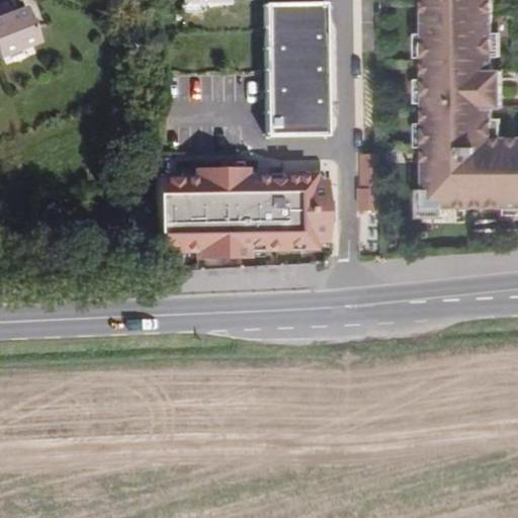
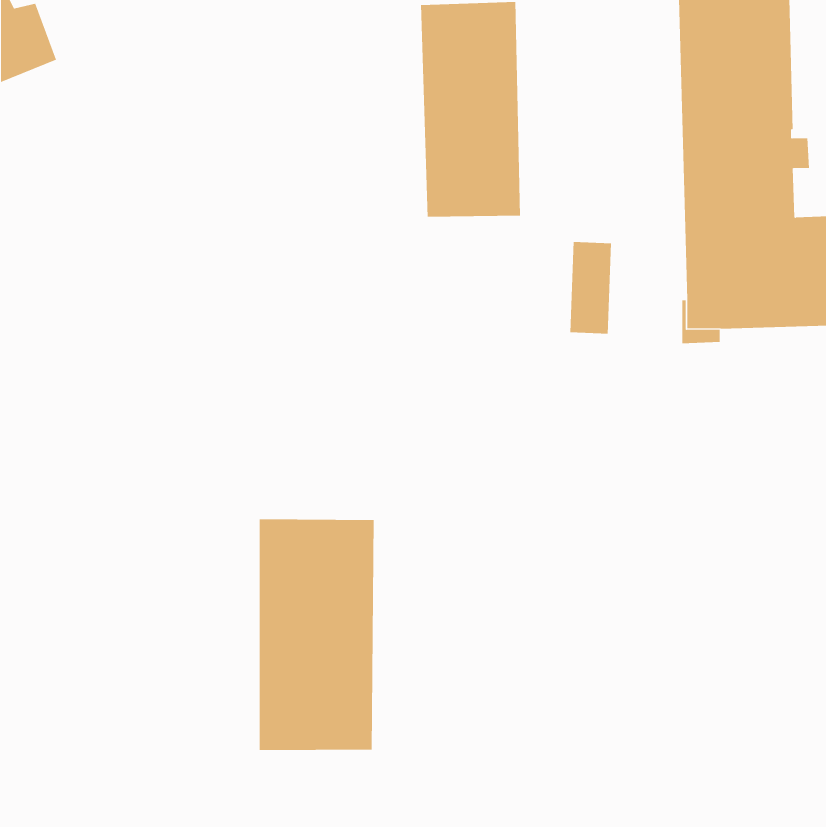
building: [151,167,321,256] -> none
building: none -> [259,518,374,751]

